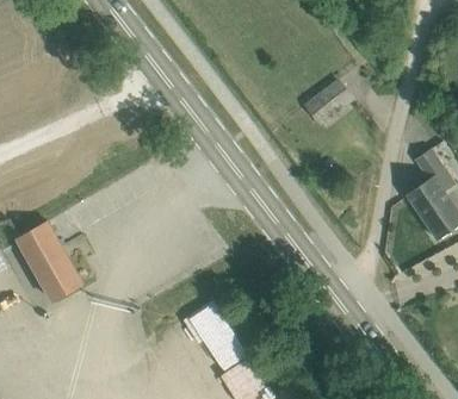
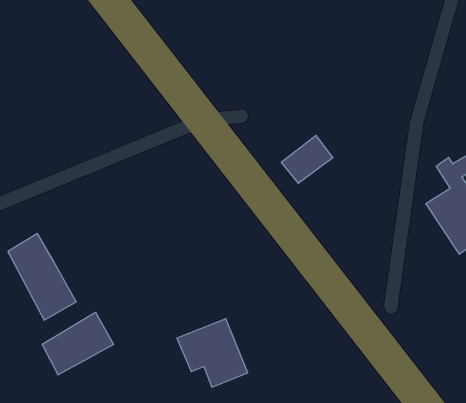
building: [305,80,353,124] -> [281,135,333,183]
building: none -> [42,312,113,375]

